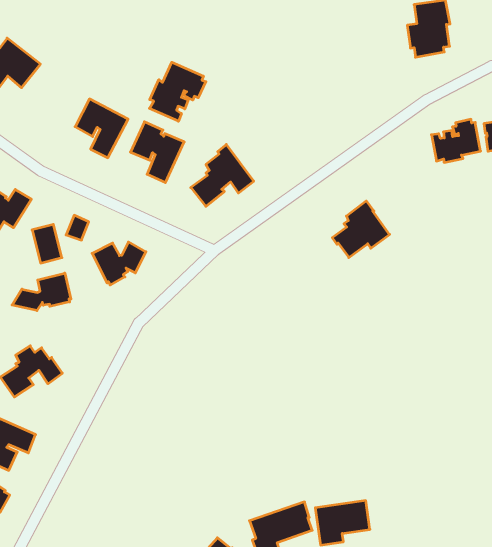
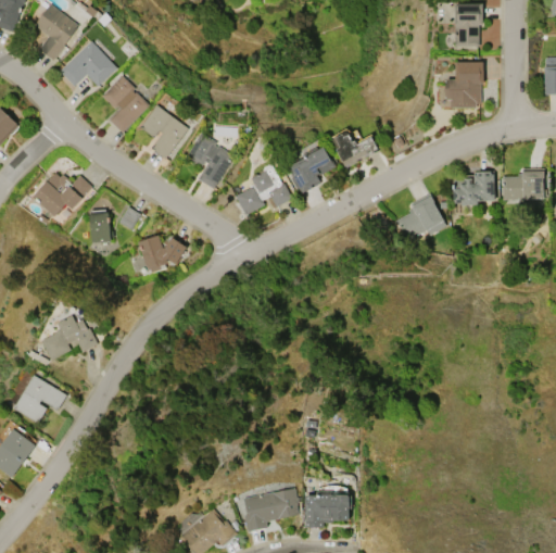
building: [149,62,206,121] -> none
building: none -> [102,75,149,131]
building: none -> [332,134,378,167]
building: none -> [286,146,337,193]
building: [332,201,390,258] -> [395,192,446,240]
building: [12,273,71,311] -> none

